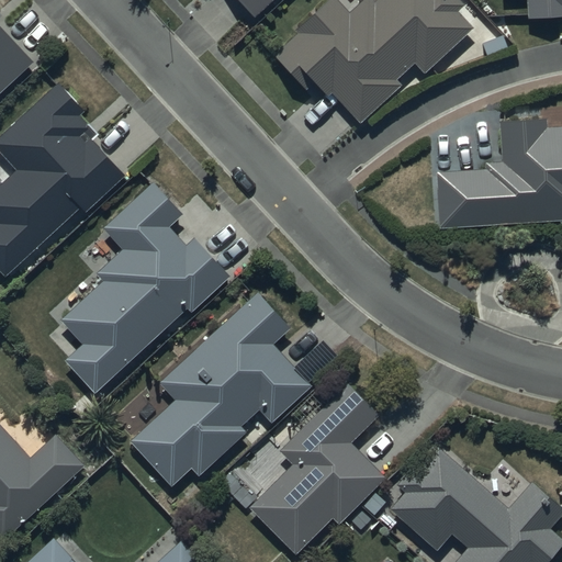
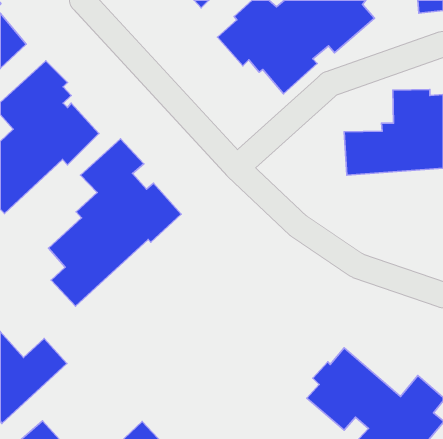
building: [130,292,313,486] -> none
building: [248,383,384,554] -> none

